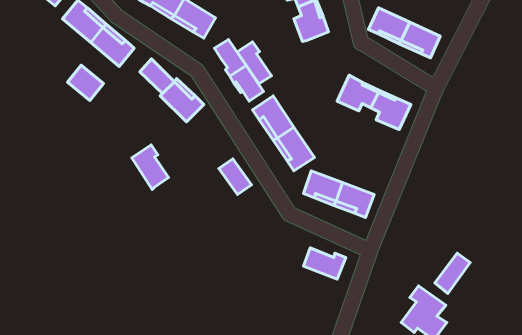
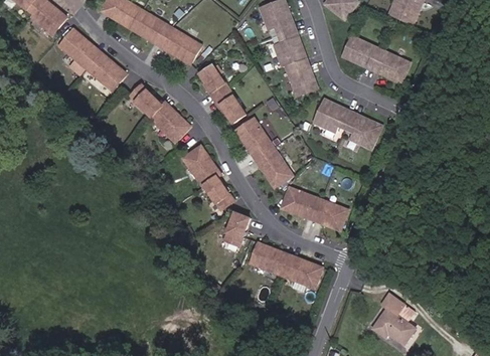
building: none -> [286,58,317,95]
building: [237,42,271,84] -> none
building: [68,65,103,101] -> none
building: [132,145,169,189] -> [183,146,217,187]
building: none -> [224,212,250,245]
building: none -> [251,242,289,276]
building: [435,253,470,293] -> none

